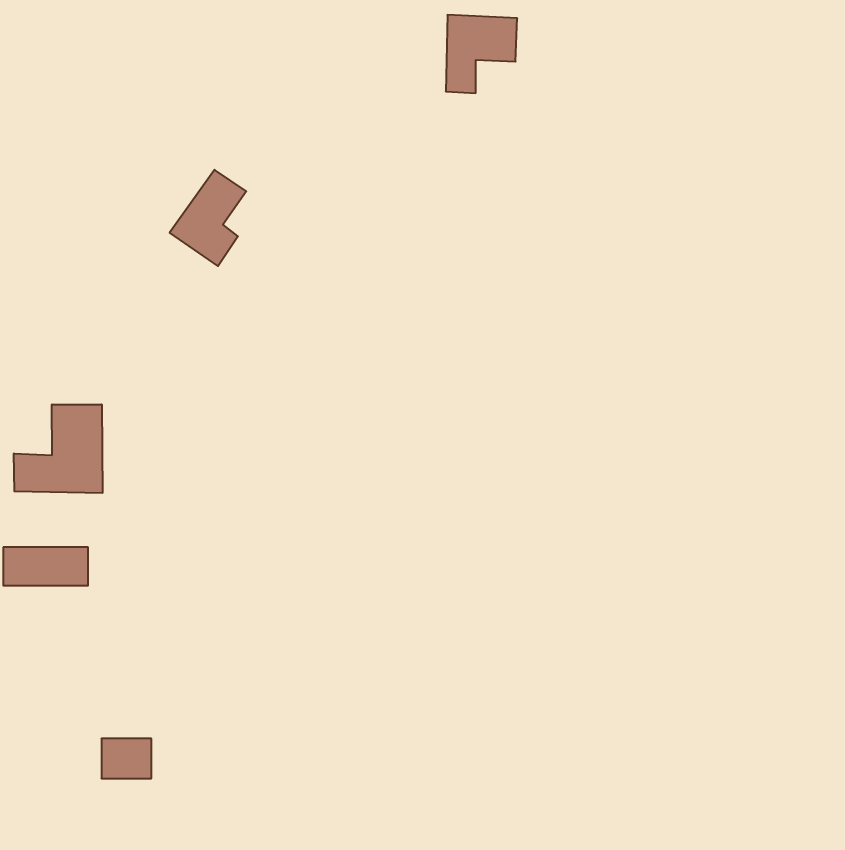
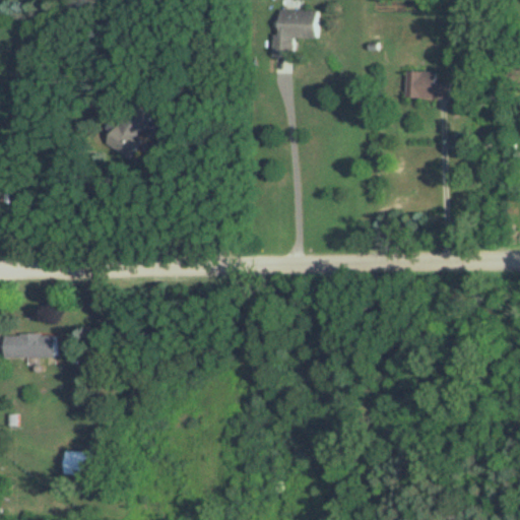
building: none -> [403,70,447,99]
building: [14,404,102,493] -> none

